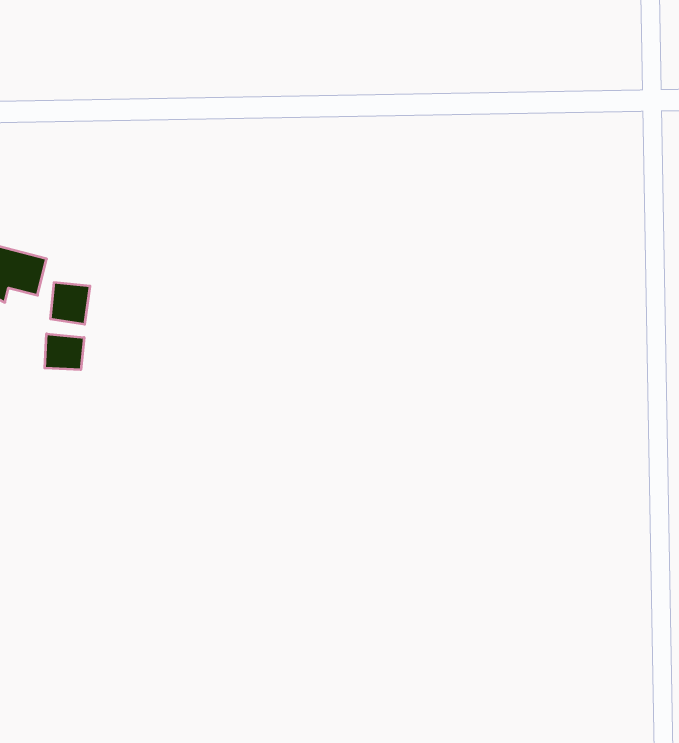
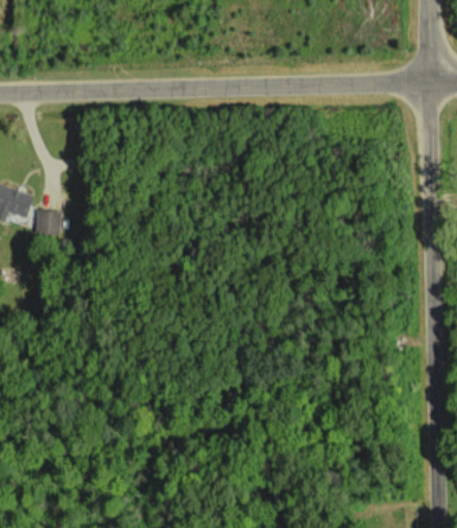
building: [45,334,84,370] -> none

